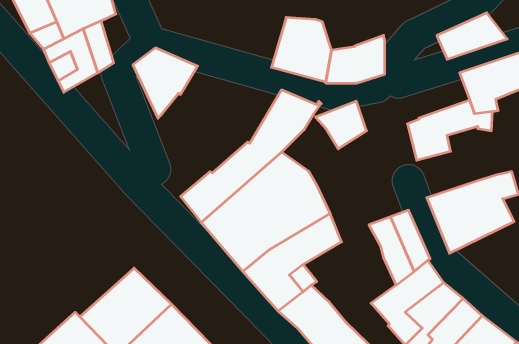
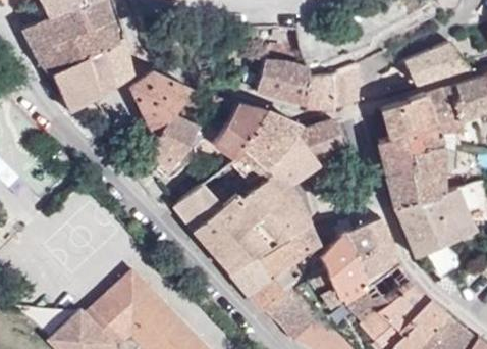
building: none -> [104,40,133,87]
building: none -> [382,93,435,137]
building: none -> [211,96,266,159]
building: none -> [155,114,198,173]
building: none -> [266,134,317,185]
building: none -> [387,144,442,208]
building: none -> [313,233,369,310]

